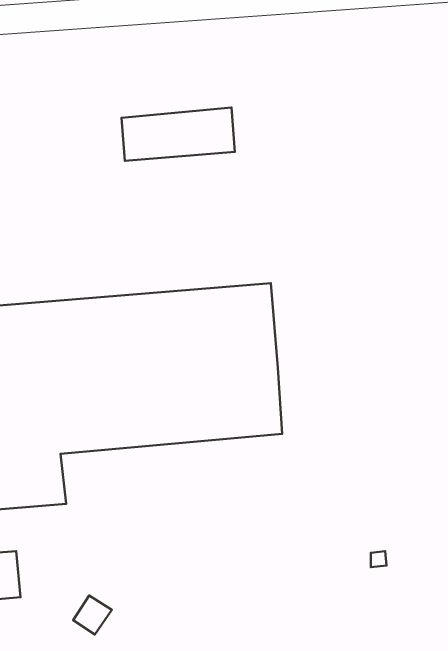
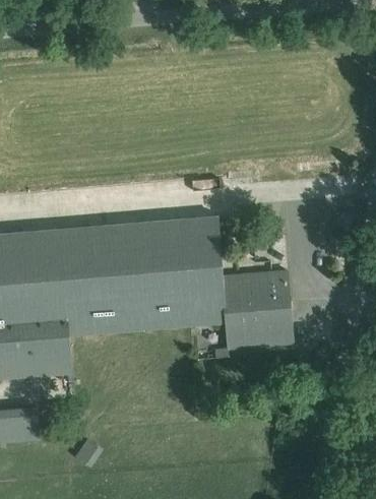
building: [122,108,235,161] -> none
building: none -> [221,270,292,349]

